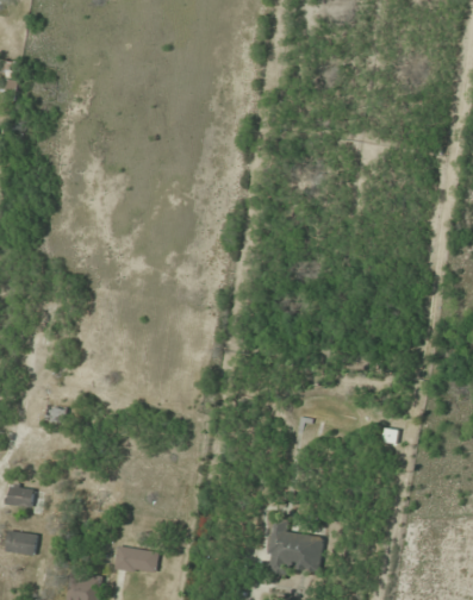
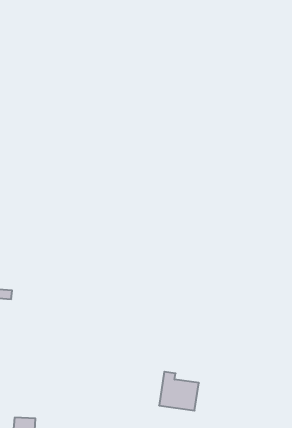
building: [113,545,158,574] -> none

